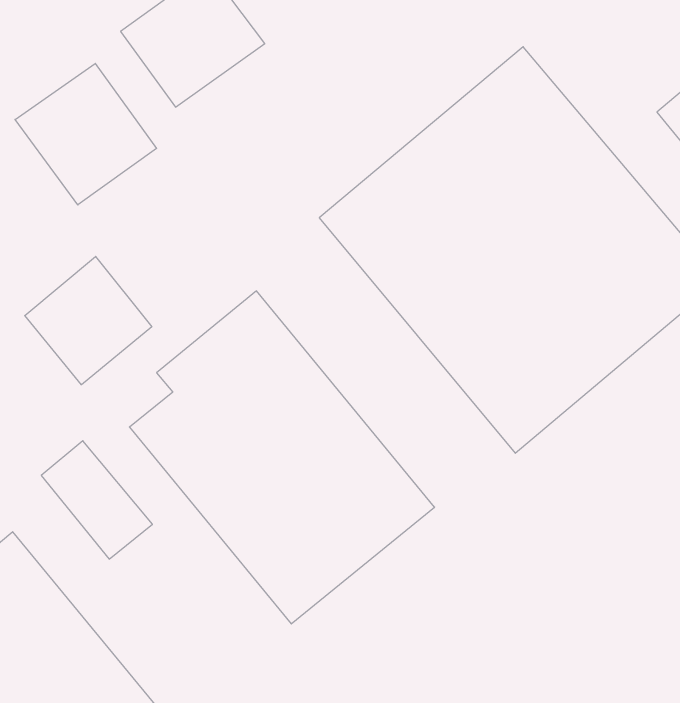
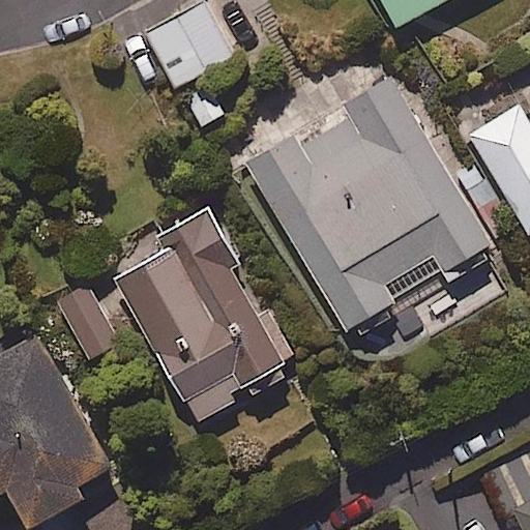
building: [15,63,157,205] -> none
building: [25,256,152,385] -> none

